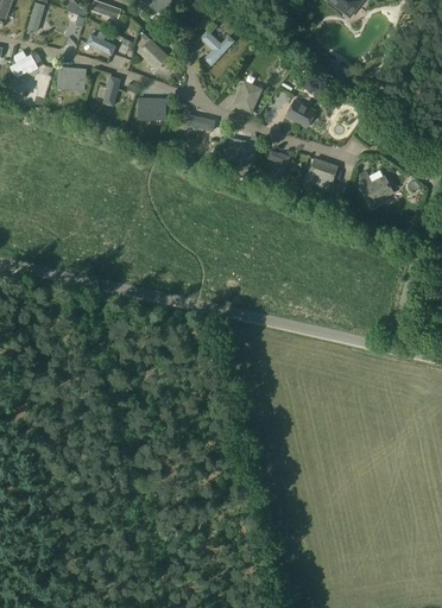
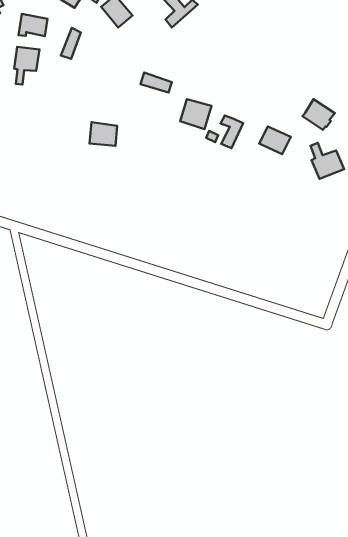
building: [233,78,263,112] -> none
building: [139,96,165,118] -> [90,122,117,146]
building: [285,96,317,126] -> [302,99,335,130]
building: none -> [14,47,39,84]

